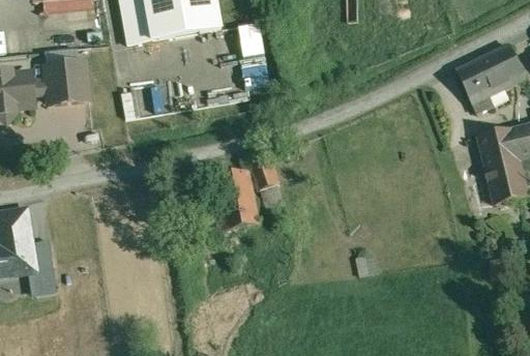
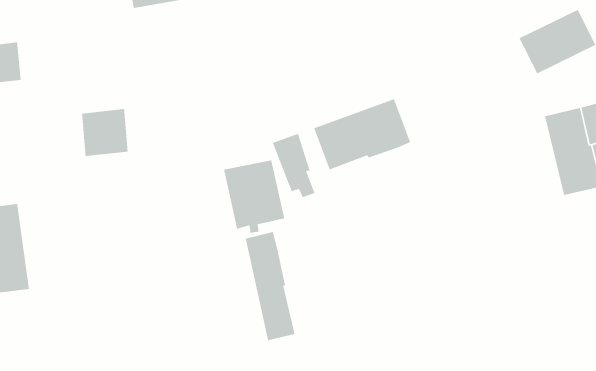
building: [48,62,88,103] -> [81,108,128,157]
building: none -> [313,98,411,171]
building: none -> [245,231,295,341]

